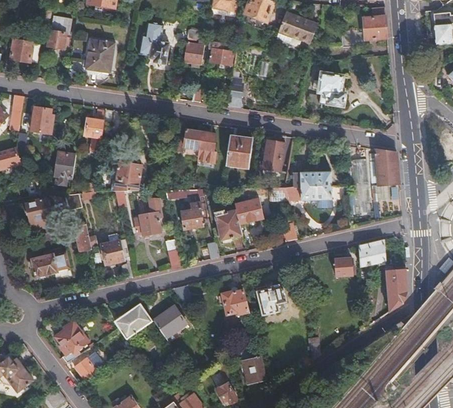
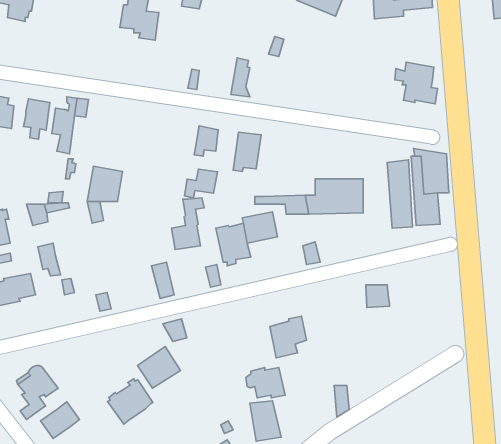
building: [85,38,114,74] -> none
building: [208,40,233,66] -> none
building: [183,41,204,63] -> none
building: [312,72,346,105] -> [395,62,438,104]
building: [175,129,201,152] -> [185,169,217,198]
building: [263,141,284,172] -> none
building: [53,152,74,184] -> [23,99,50,139]
building: [132,211,158,236] -> none
building: [100,233,124,264] -> none
building: [358,238,385,266] -> none
building: [382,268,407,311] -> none
building: [217,289,248,313] -> [246,368,285,398]
building: [114,302,150,338] -> [108,379,153,424]

